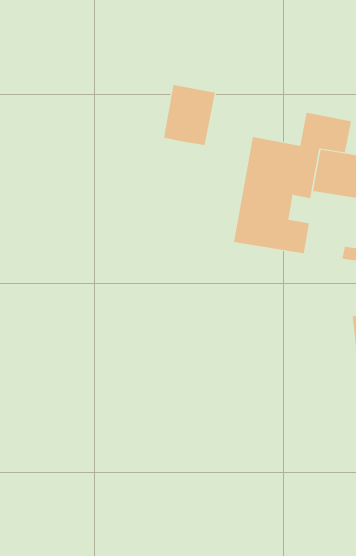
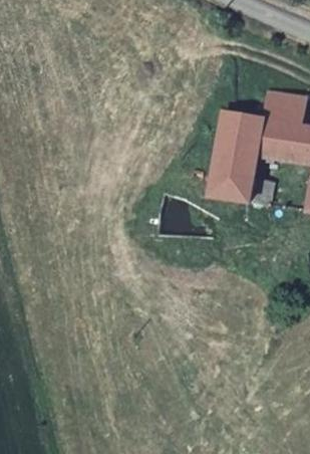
building: [163,84,216,146] -> none

